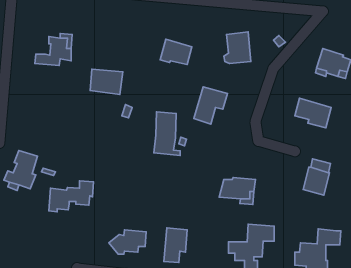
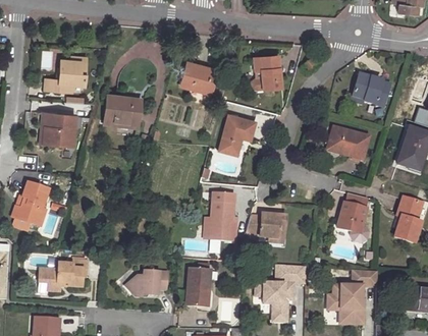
building: none -> [43,113,75,145]
building: [154,112,180,156] -> [209,192,237,240]
building: [49,181,94,212] -> [38,260,87,293]

